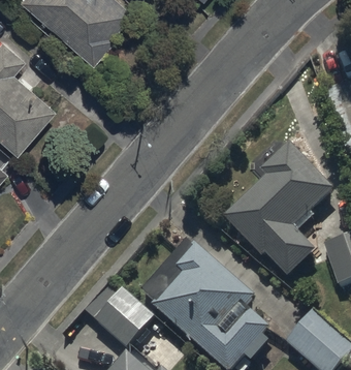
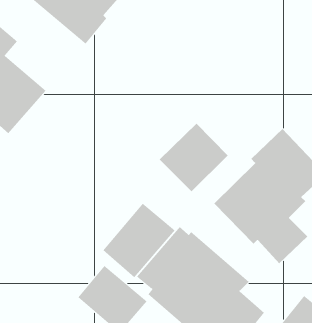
building: none -> [159,123,228,192]
building: none -> [102,203,176,278]

